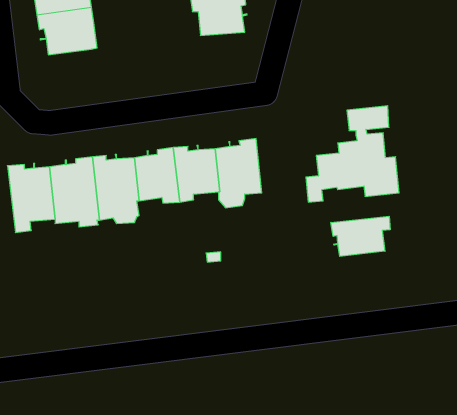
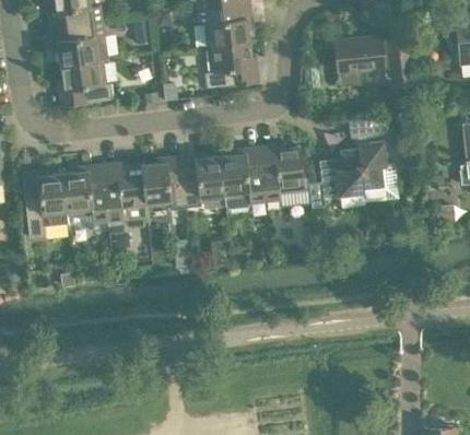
building: none -> [334,36,413,86]
building: none -> [205,44,259,89]
building: none -> [58,60,114,106]
building: none -> [261,144,305,199]
building: [331,216,390,256] -> none

